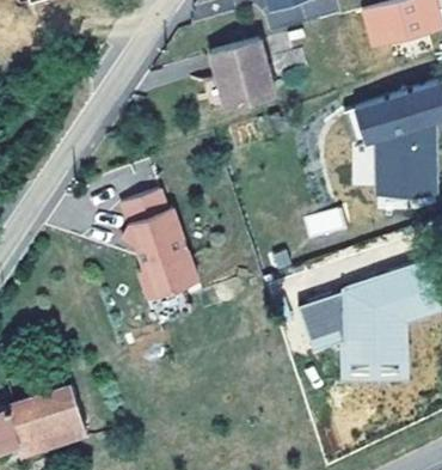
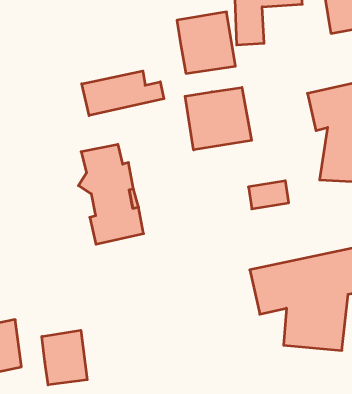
building: none -> [82,71,164,116]
building: none -> [185,87,252,150]
building: none -> [42,330,87,385]

